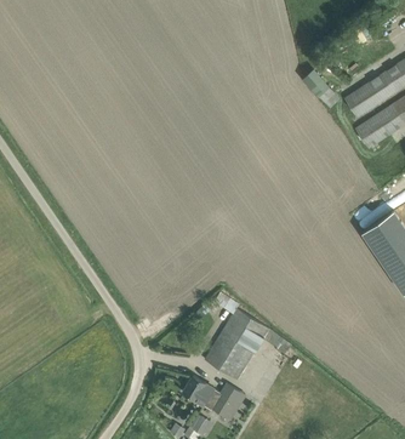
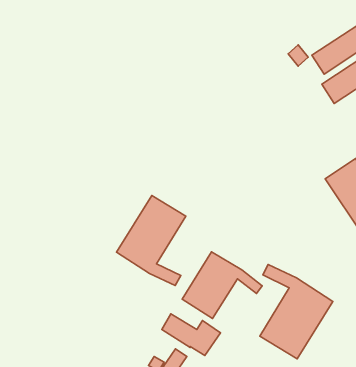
building: none -> [117,196,186,286]
building: none -> [260,264,333,359]

